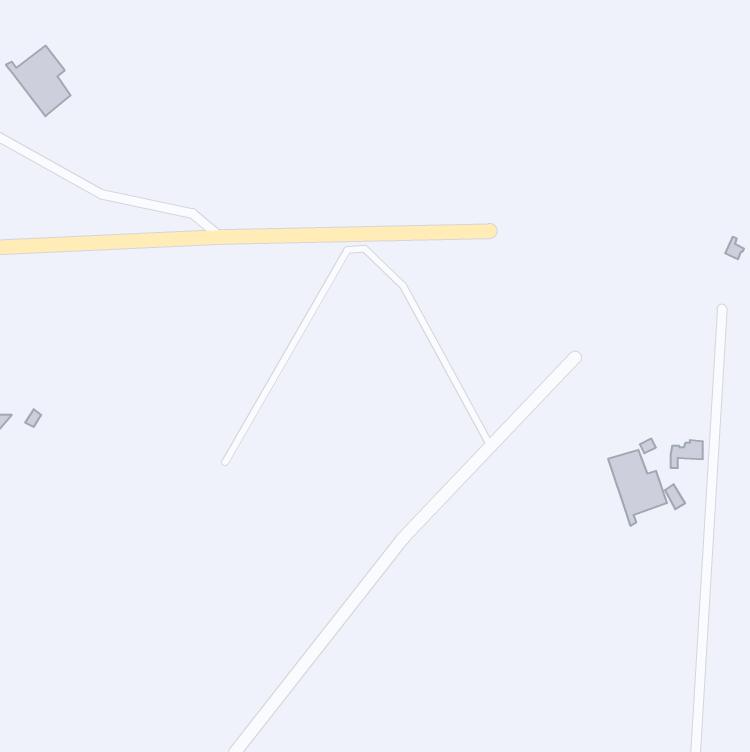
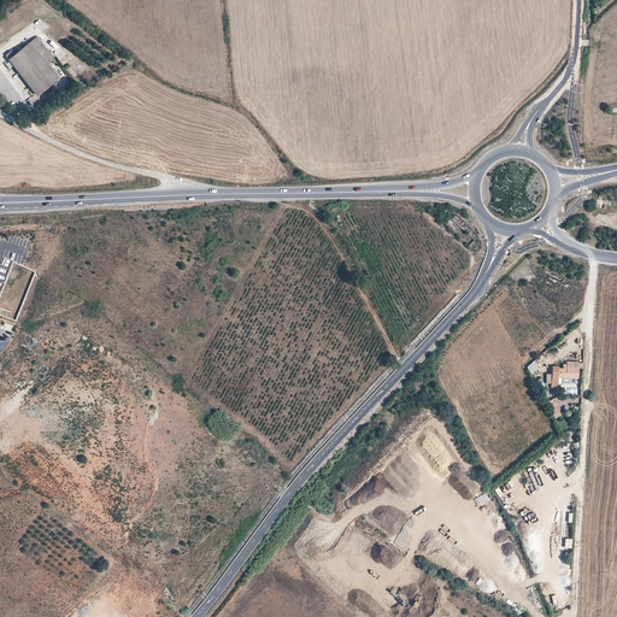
building: [608,450,667,526] -> none

